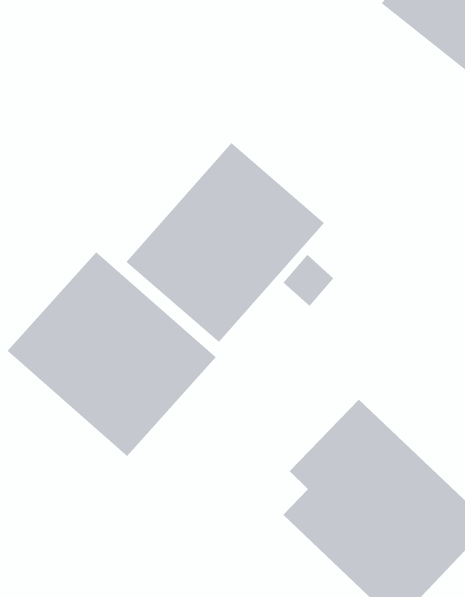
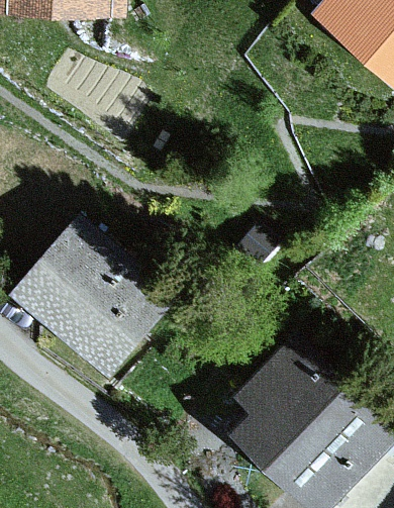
building: [125,142,325,343] -> none

